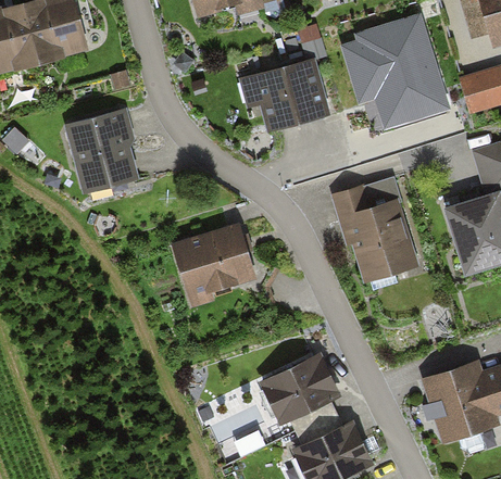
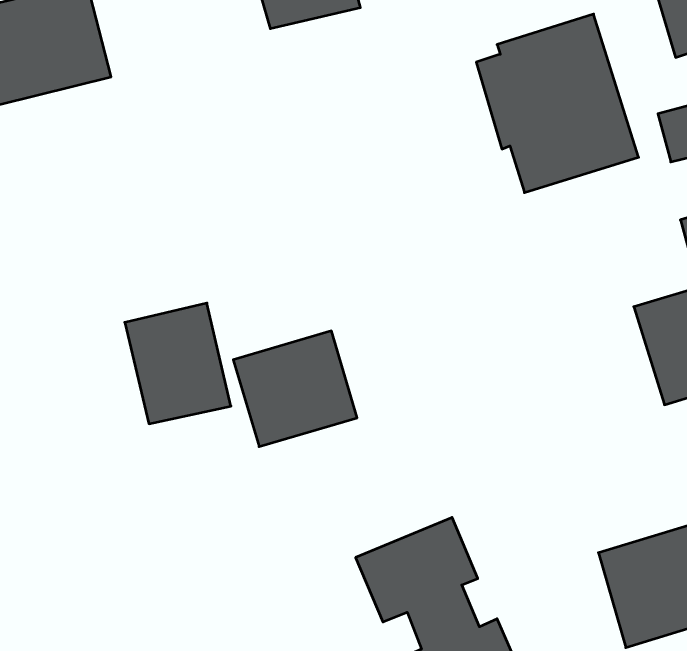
building: [243,61,328,134] -> none
building: [70,110,141,191] -> [125,303,231,424]
building: [331,179,419,281] -> none

